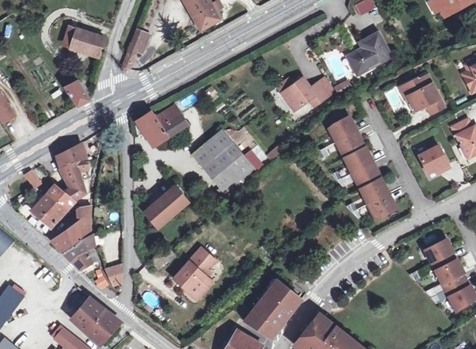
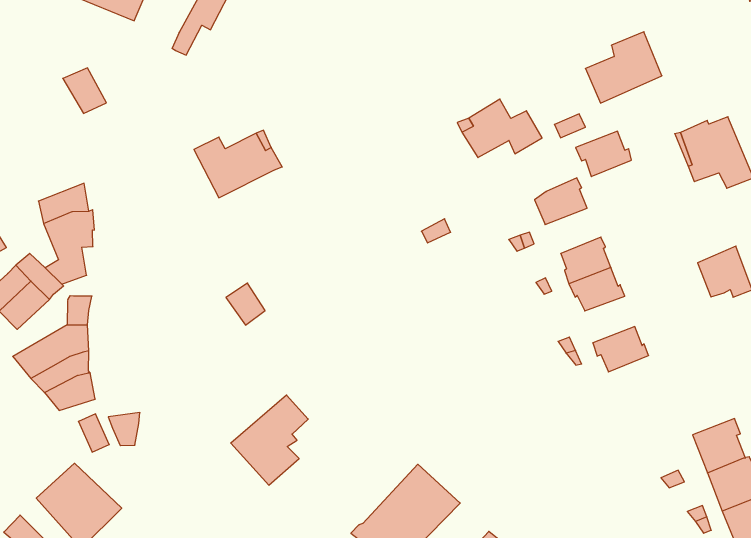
building: [193,130,267,202] -> none
building: [334,131,365,157] -> [576,131,631,177]
building: [360,177,388,204] -> none
building: [146,198,176,227] -> none

